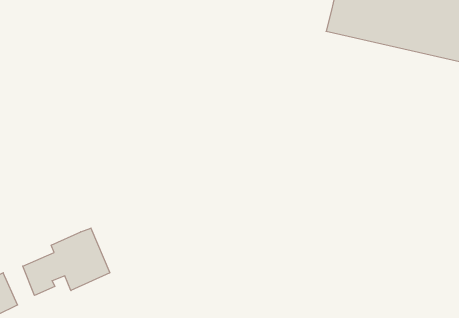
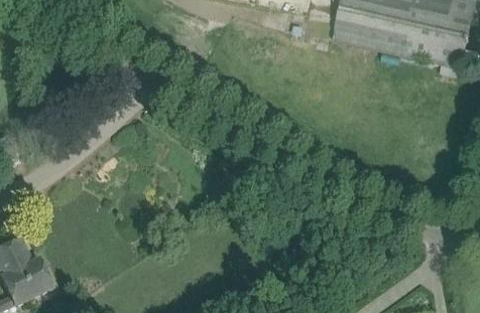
building: [23,228,110,295] -> none

